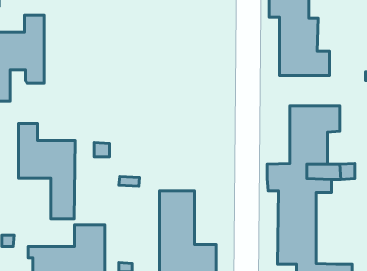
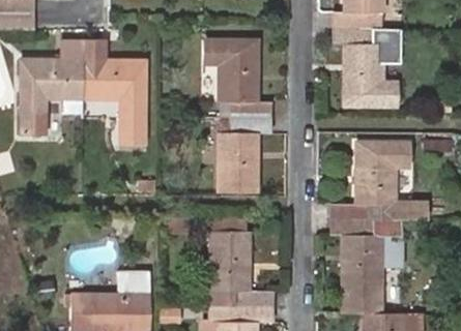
building: none -> [205,38,272,192]
building: [19,124,75,219] -> [85,40,147,145]

